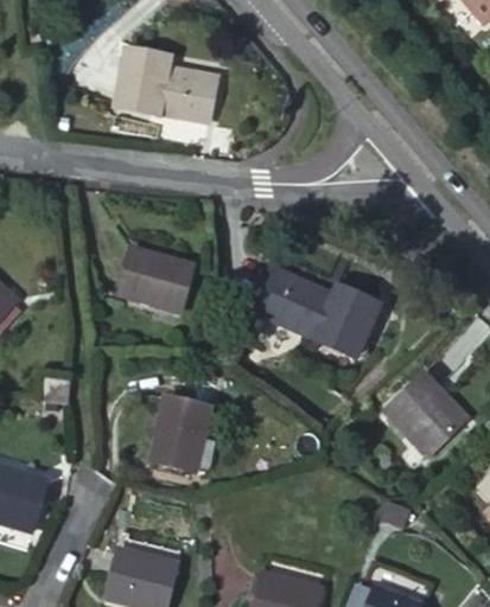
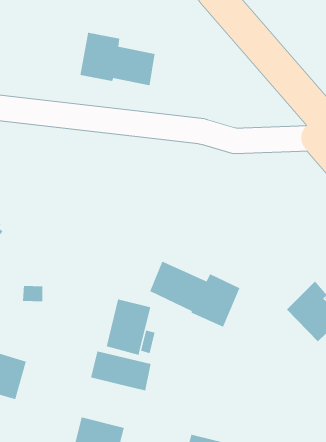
building: [119,248,193,309] -> none
building: [259,269,378,357] -> [149,261,241,328]
building: none -> [90,350,152,392]

